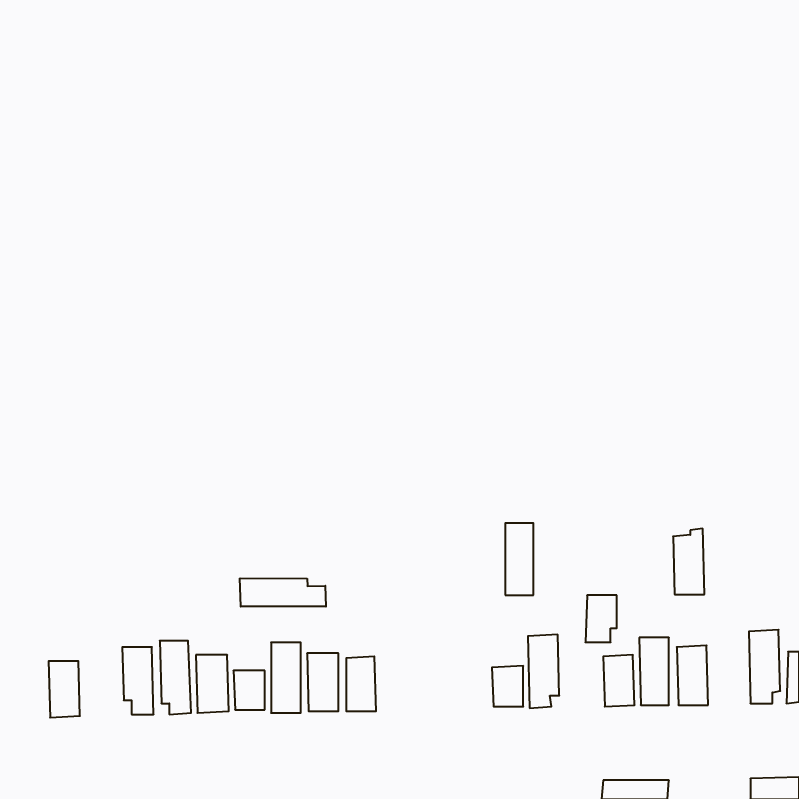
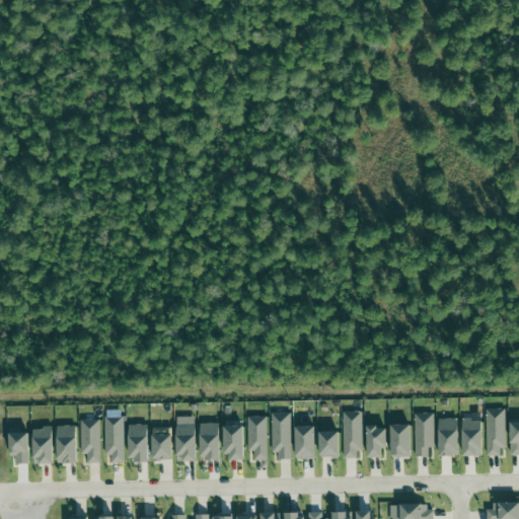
building: [505,523,533,595] -> [272,412,290,458]
building: [673,529,704,594] -> [461,413,481,455]
building: [240,578,326,607] -> none
building: [585,595,617,642] -> [366,427,386,457]
building: none -> [246,416,267,459]
building: none -> [56,425,76,463]
building: none -> [294,426,315,459]
building: none -> [8,432,27,463]

